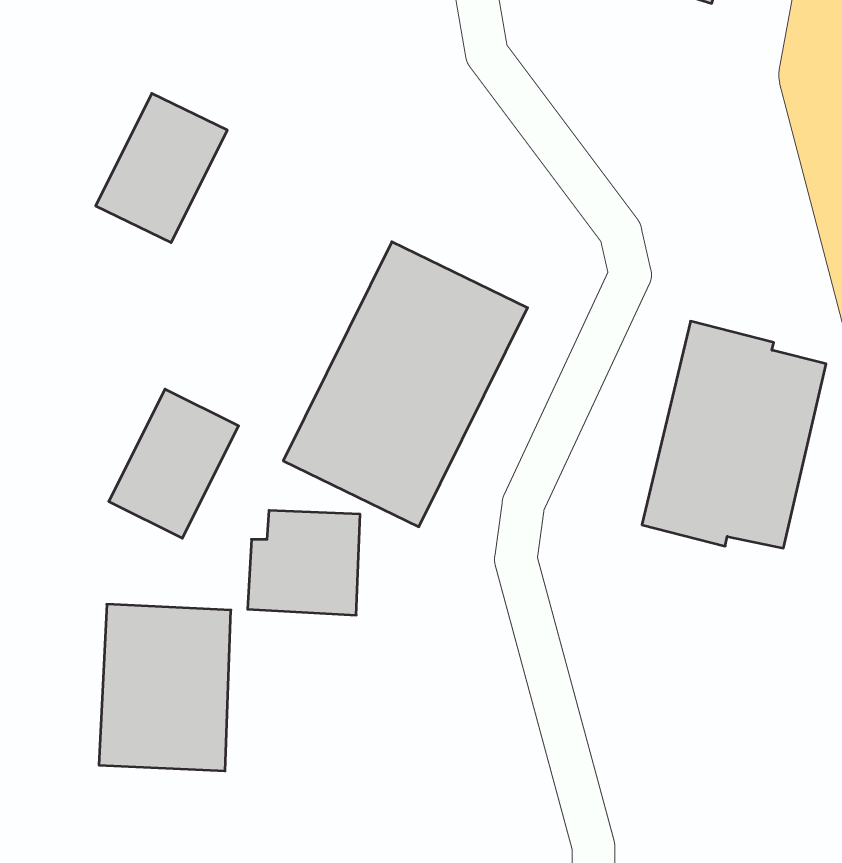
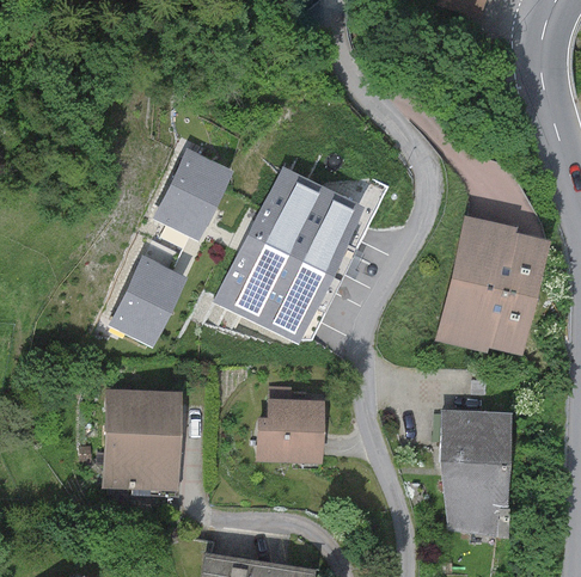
building: [96,93,227,243] -> [152,149,233,241]
building: [248,510,360,615] -> [256,400,325,465]
building: none -> [440,411,513,538]

